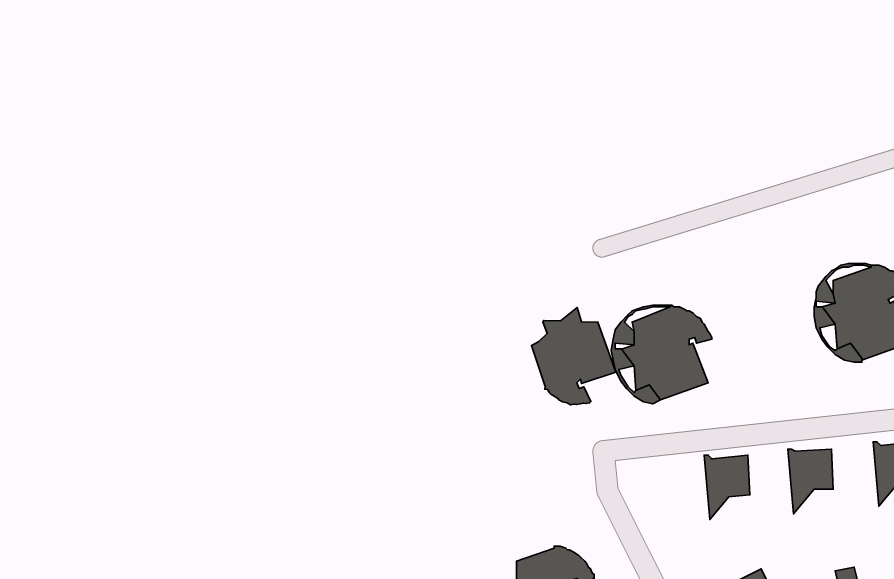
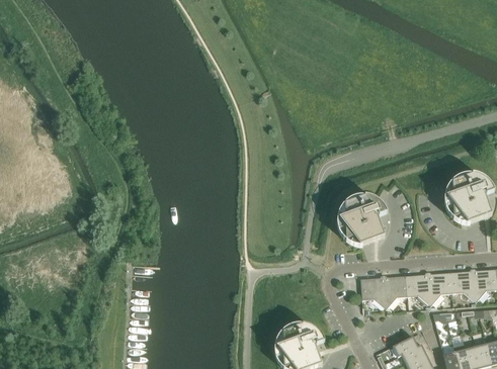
building: [532,307,616,405] -> none
building: none -> [449,268,475,302]
building: none -> [405,272,429,306]
building: none -> [359,275,385,309]

